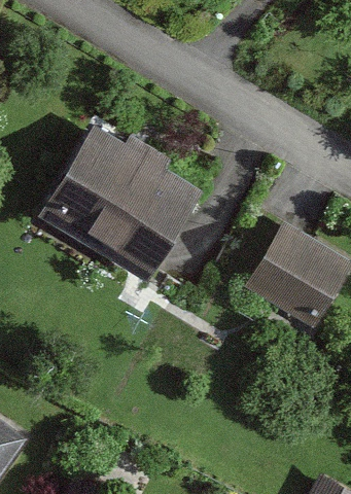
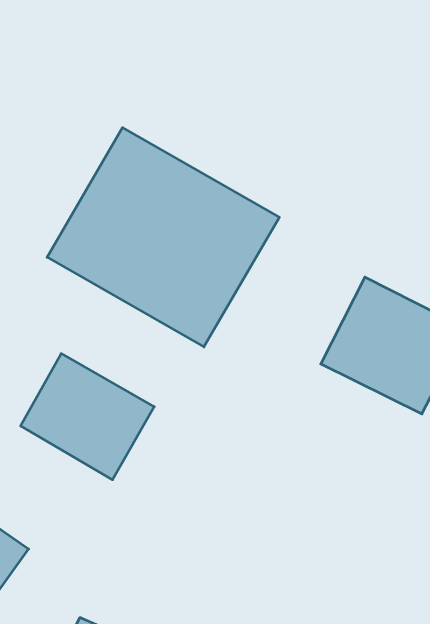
building: none -> [21,354,154,480]

